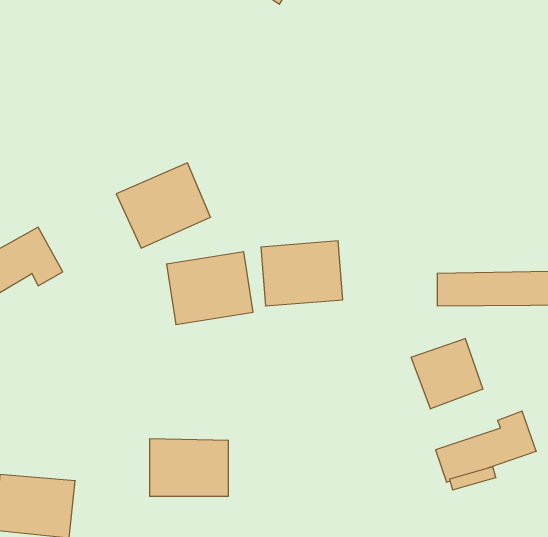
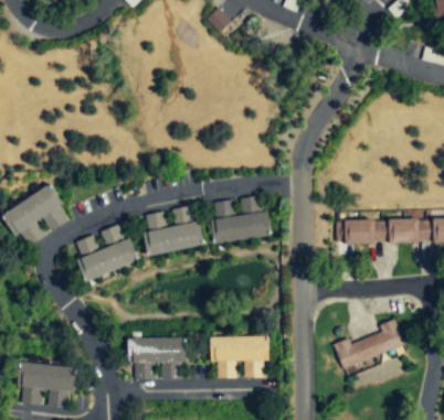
building: [116,163,211,248] -> [72,223,139,283]
building: [411,338,483,409] -> none
building: none -> [211,336,267,377]

